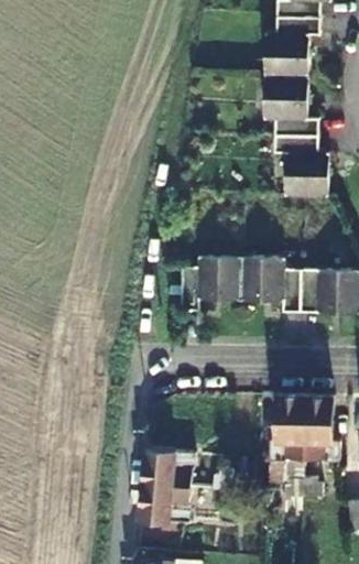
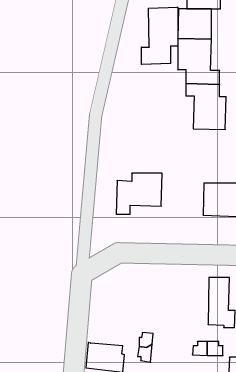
building: none -> [141,7,178,64]
building: [242,257,300,313] -> none
building: [270,397,306,463] -> none
building: [144,448,196,488] -> none

